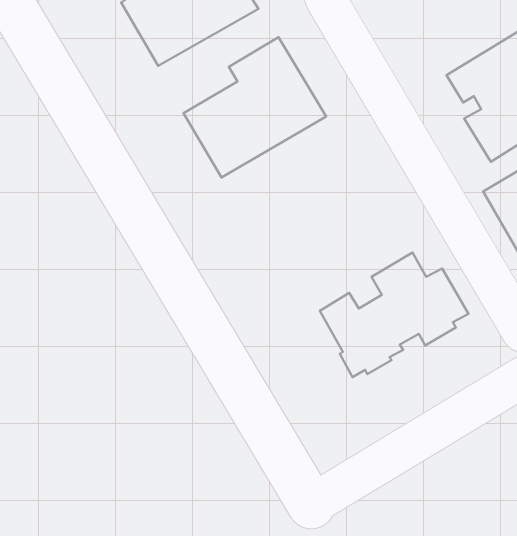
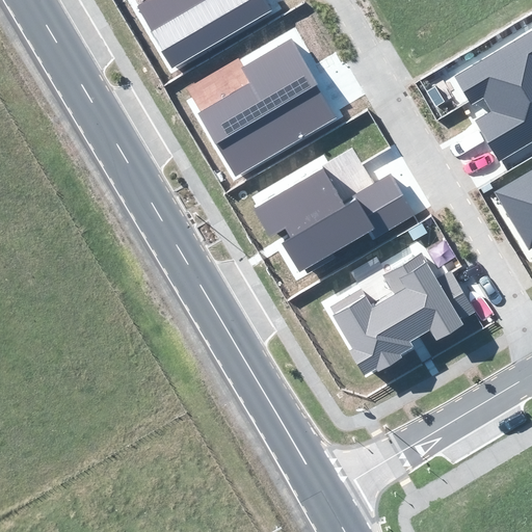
building: none -> [255,166,416,270]

